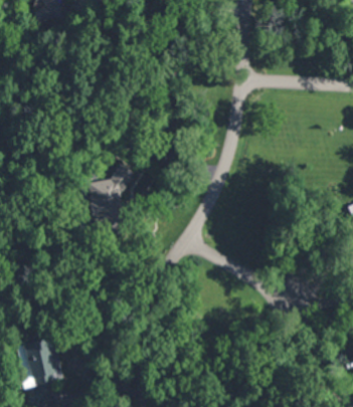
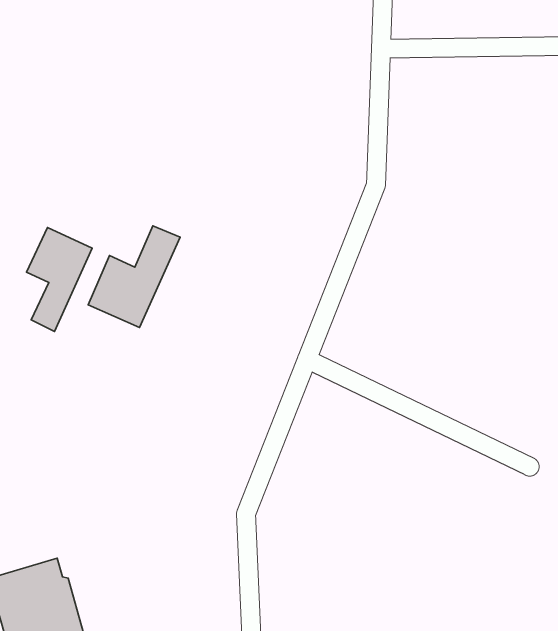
building: none -> [27,228,92,332]

